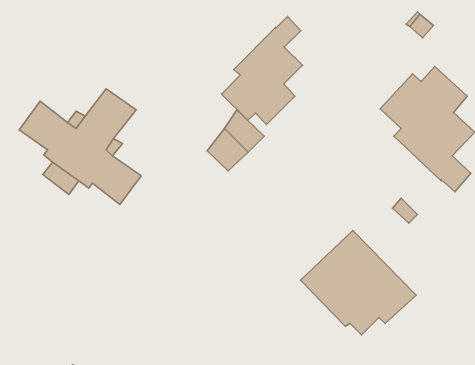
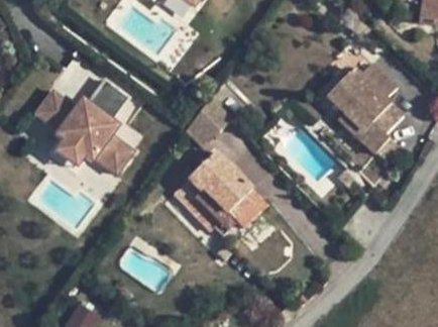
building: [221,17,302,124] -> none
building: [300,230,416,335] -> [175,152,268,237]

